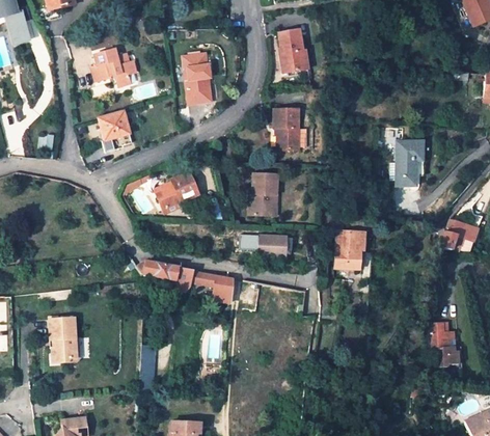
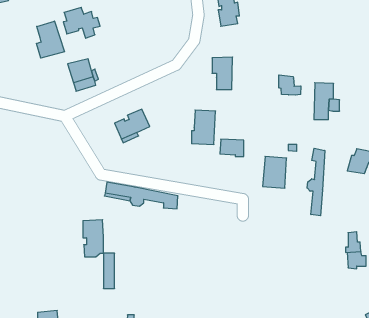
building: [183,54,211,103] -> none
building: none -> [36,21,65,58]
building: none -> [279,75,301,95]
building: none -> [307,148,325,216]
building: [257,235,287,255] -> [220,139,244,156]
building: [49,318,74,362] -> [83,220,103,257]

